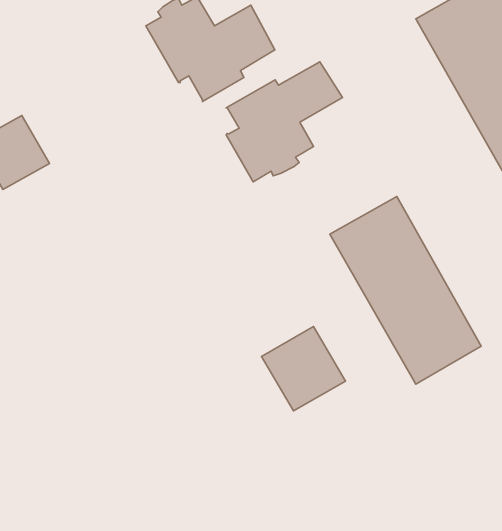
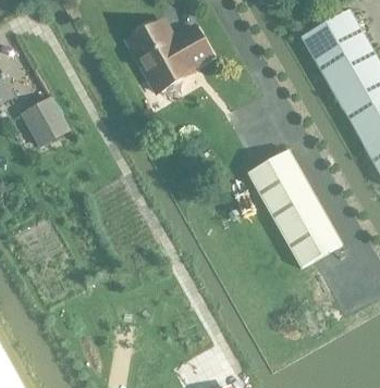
building: [226,62,342,182] -> none
building: [261,327,345,411] -> none

